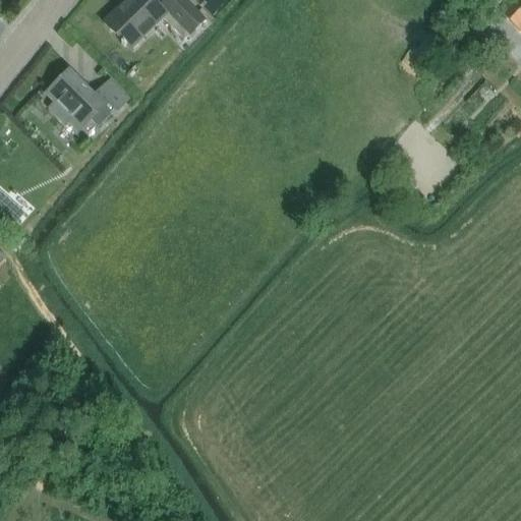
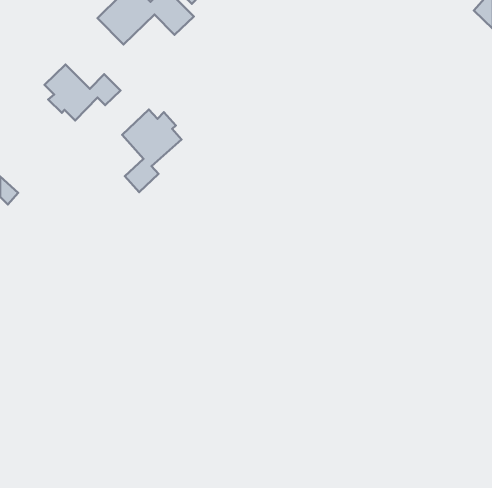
building: none -> [122,109,181,192]

